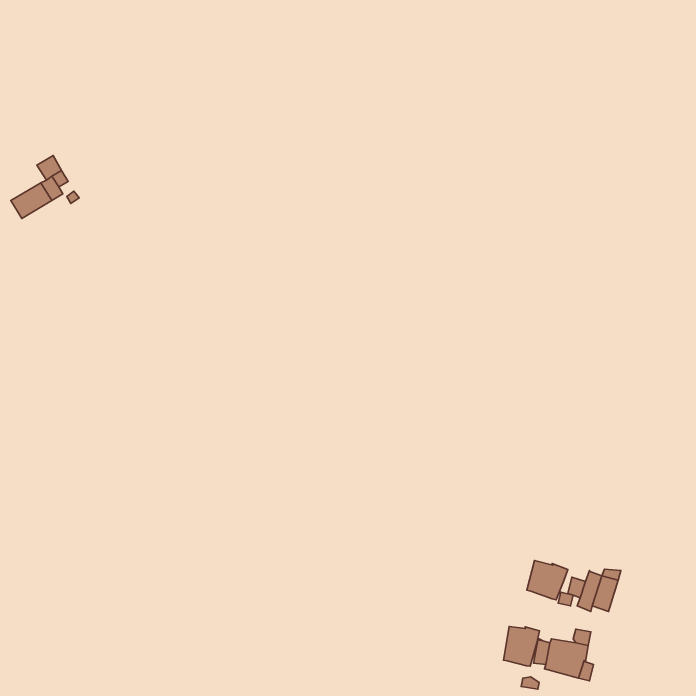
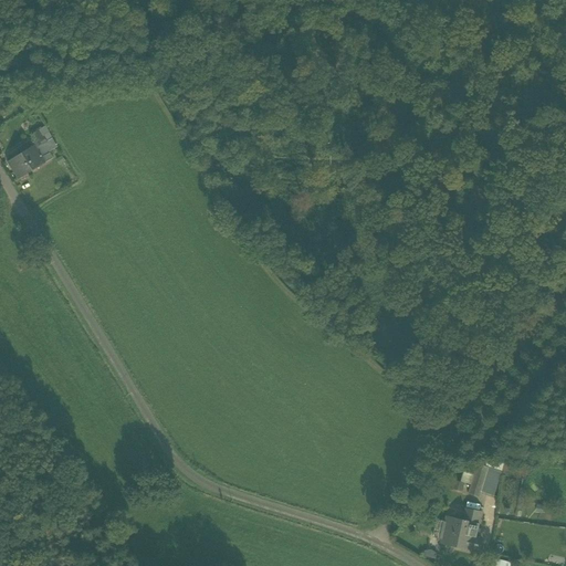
building: [527,560,568,600] -> none
building: [503,626,539,666] -> none

